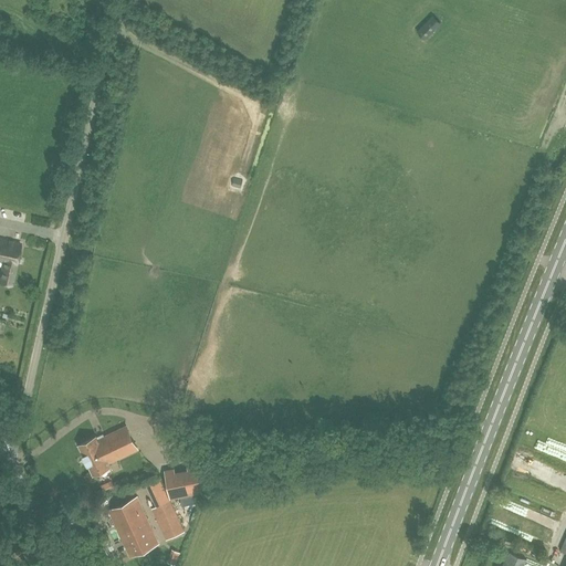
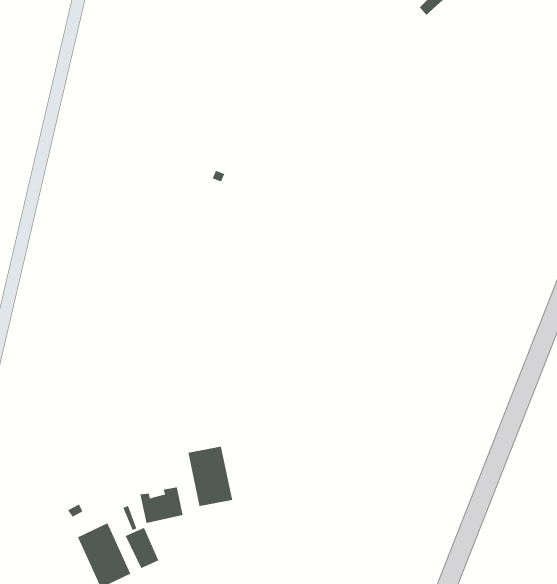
building: [78,427,137,475] -> none
building: none -> [188,446,233,507]

